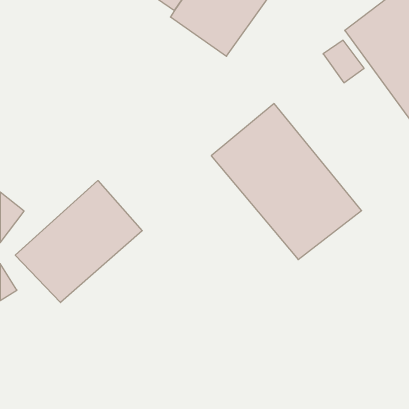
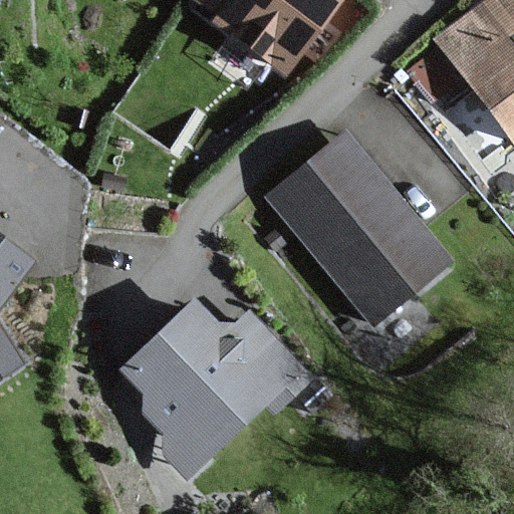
building: [15,181,142,303] -> none
building: none -> [117,299,312,486]

